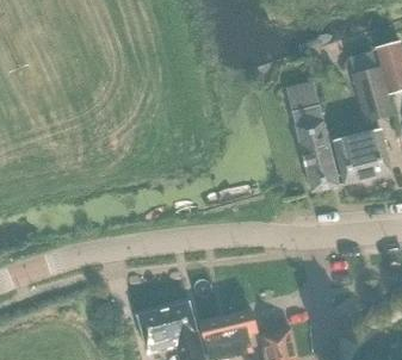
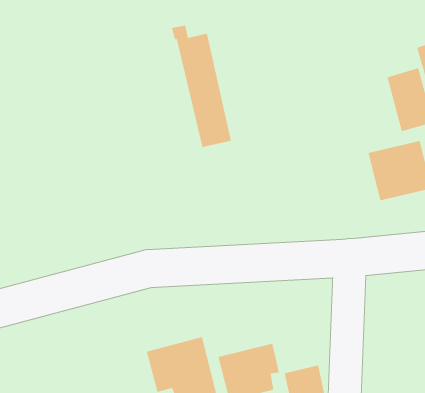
building: [285,81,339,190] -> [171,25,232,148]

